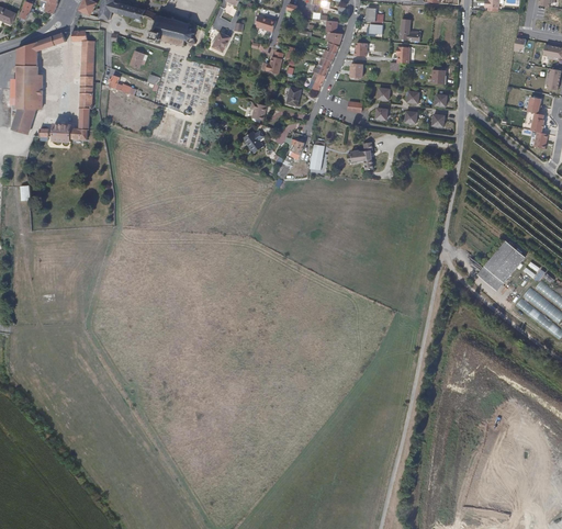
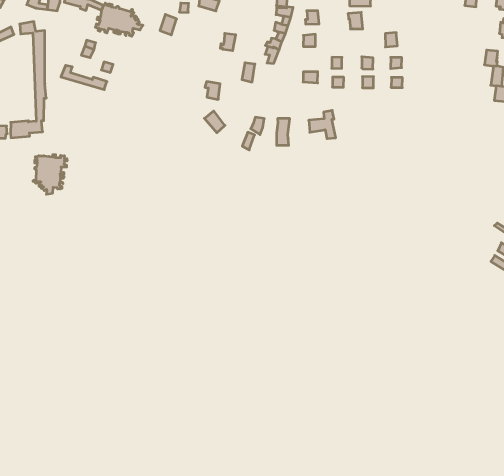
building: none -> [33,155,67,194]
building: [475,240,525,290] -> none

